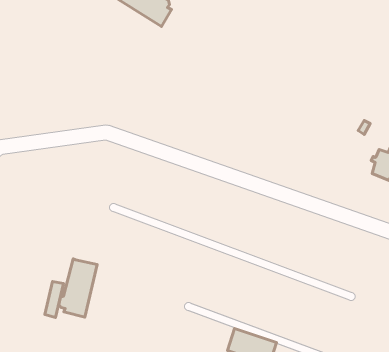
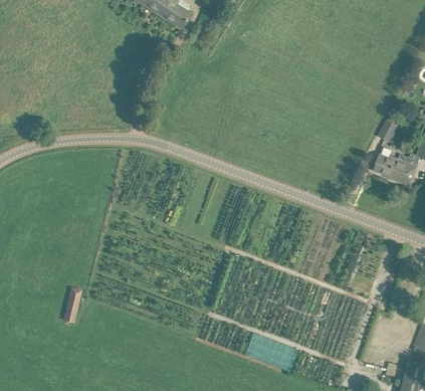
building: none -> [372,146,397,178]
building: [59,259,97,317] -> none

